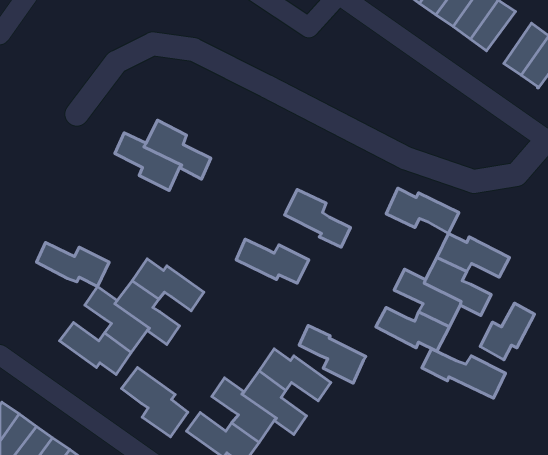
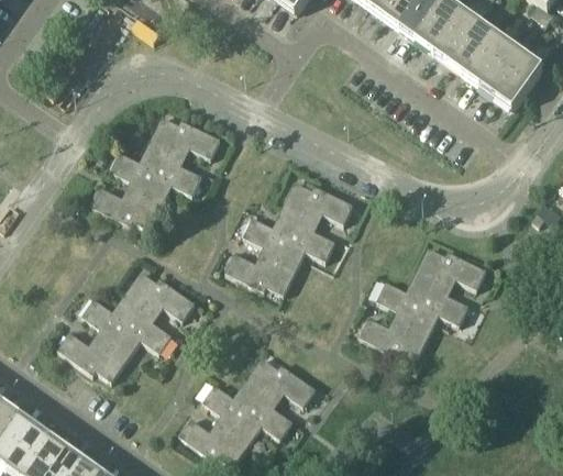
building: none -> [464,36,507,86]
building: none -> [151,117,220,158]
building: [386,188,459,233] -> [284,181,353,224]
building: [36,243,109,287] -> [92,188,162,230]
building: [480,303,534,360] -> none
building: [299,325,366,383] -> [243,218,307,273]
building: [422,349,506,398] -> none
building: [122,367,188,437] -> none

